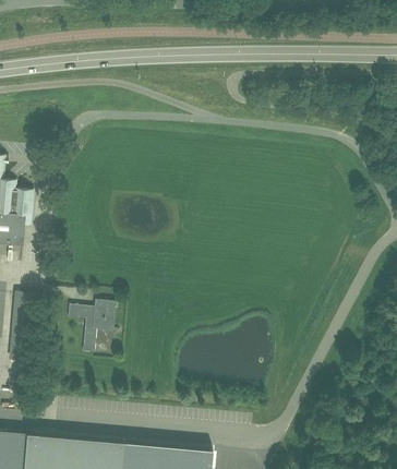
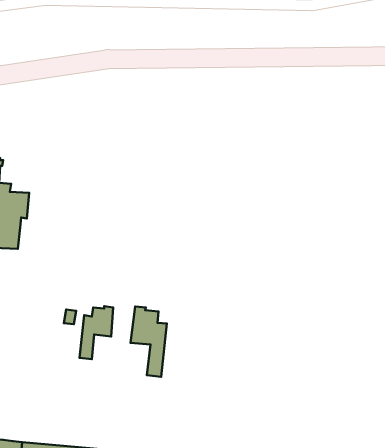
building: none -> [130,307,167,377]

